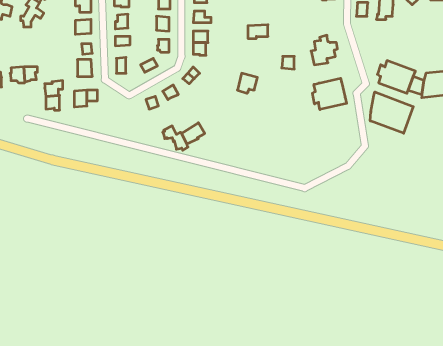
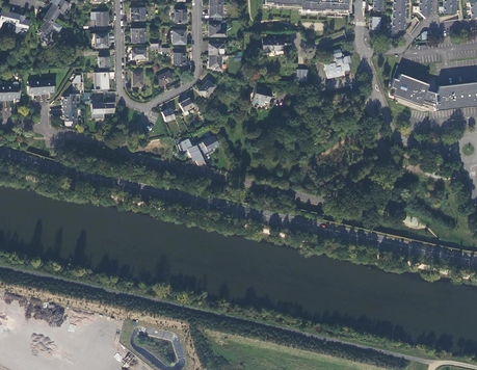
building: [312,78,347,110] -> none
building: [370,92,413,133] -> none

